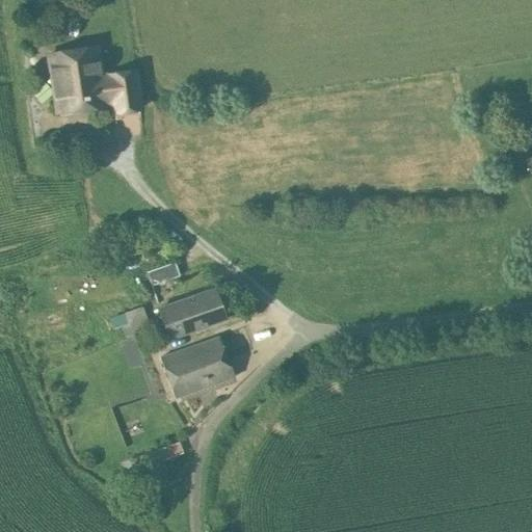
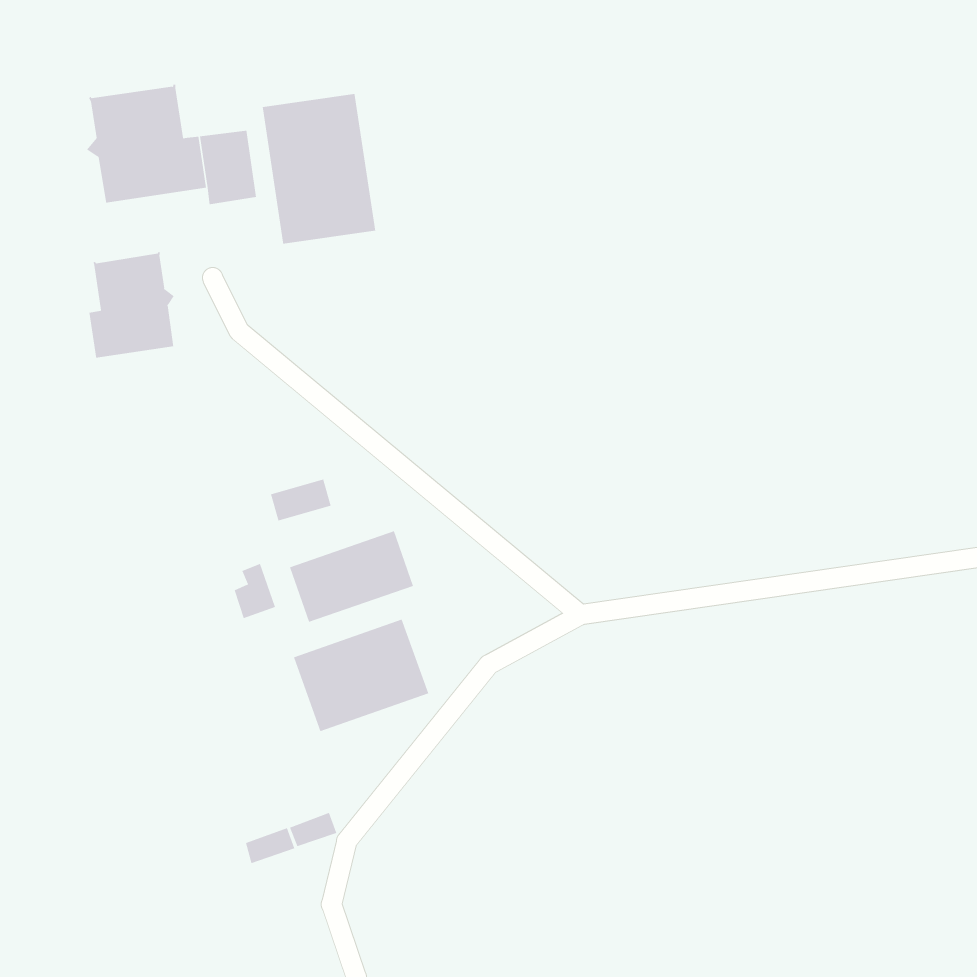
building: none -> [262,93,376,244]
building: none -> [89,251,175,359]

